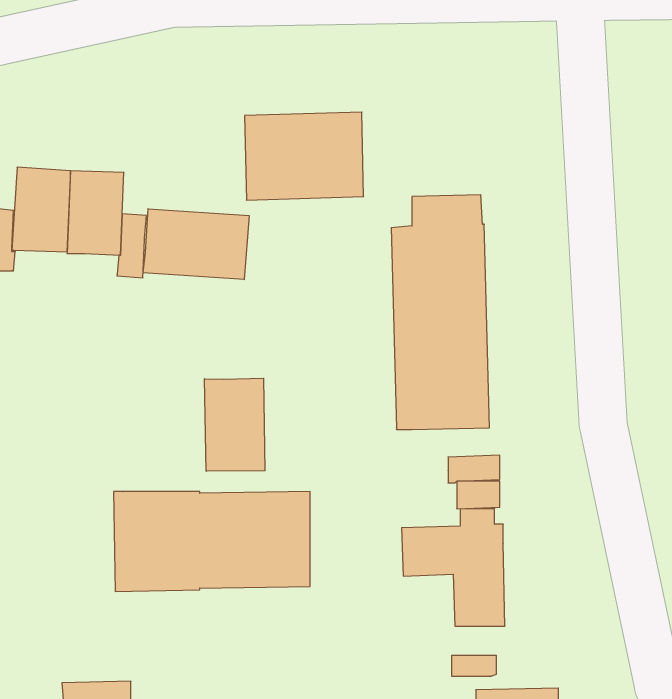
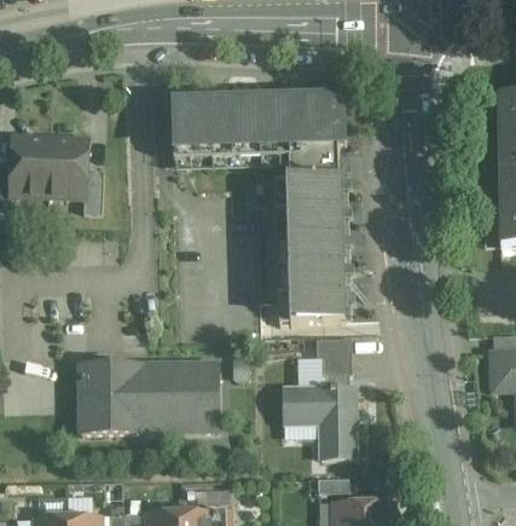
building: none -> [254,93,346,155]
building: [143,209,249,280] -> none
building: [205,378,265,471] -> none

